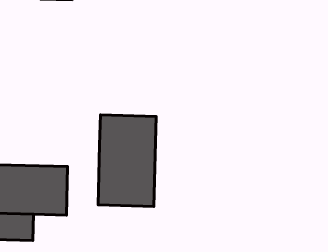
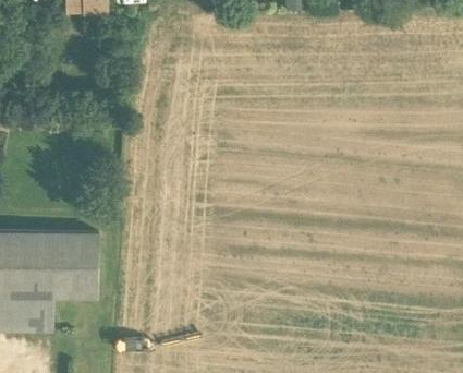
building: [98,115,156,207] -> none

